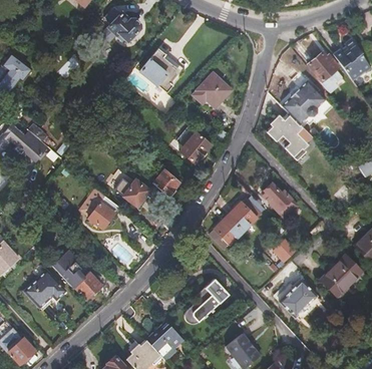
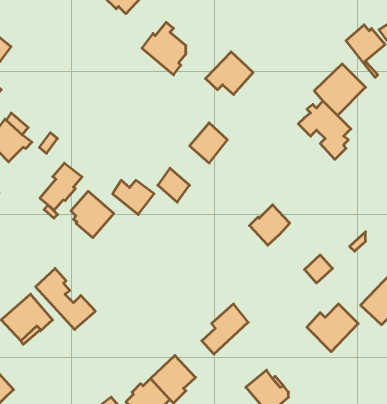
building: none -> [40,163,82,210]
building: [262,182,299,220] -> none
building: [210,216,243,250] -> none

